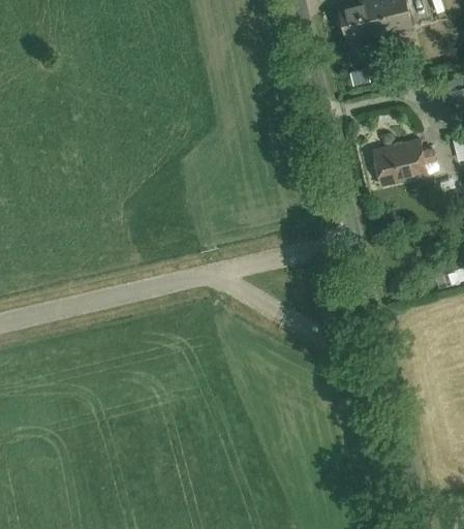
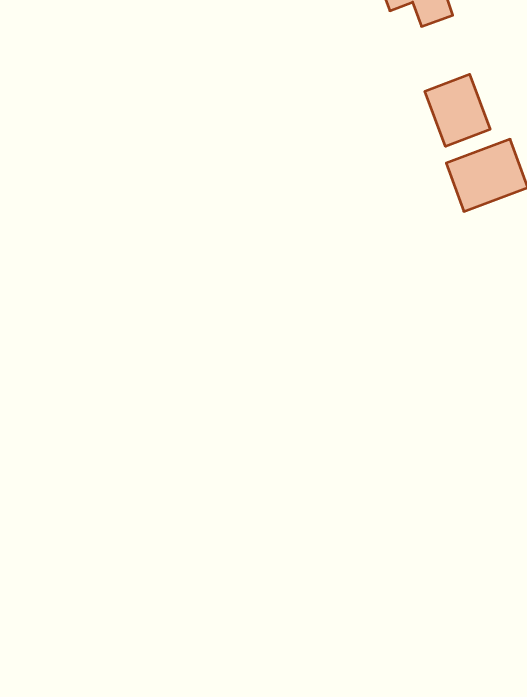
building: none -> [425,74,490,146]

